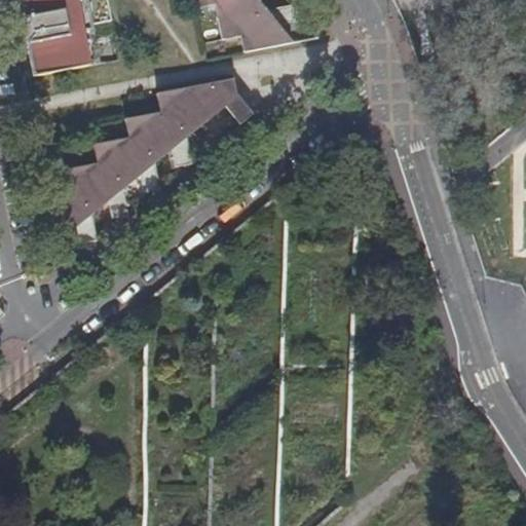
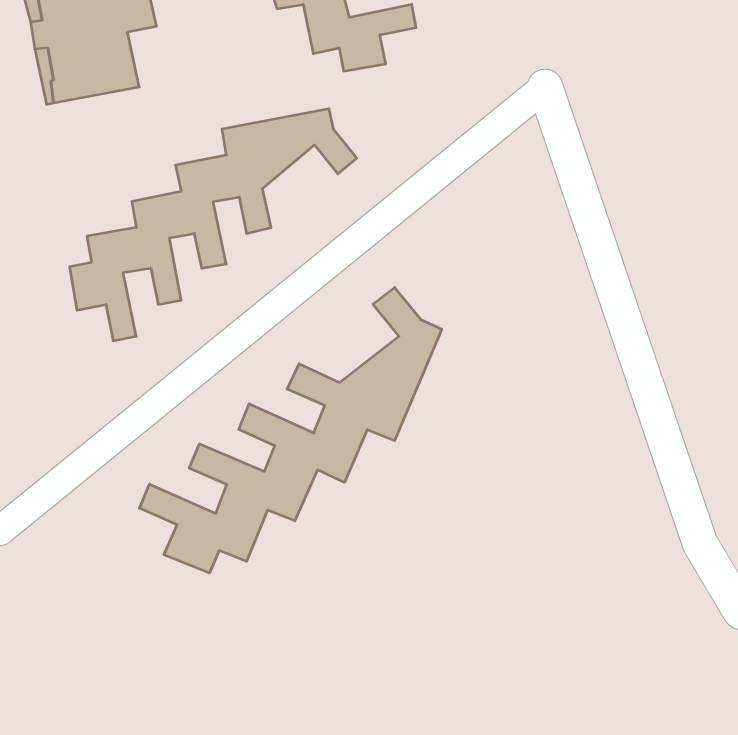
building: none -> [139,287,442,573]

